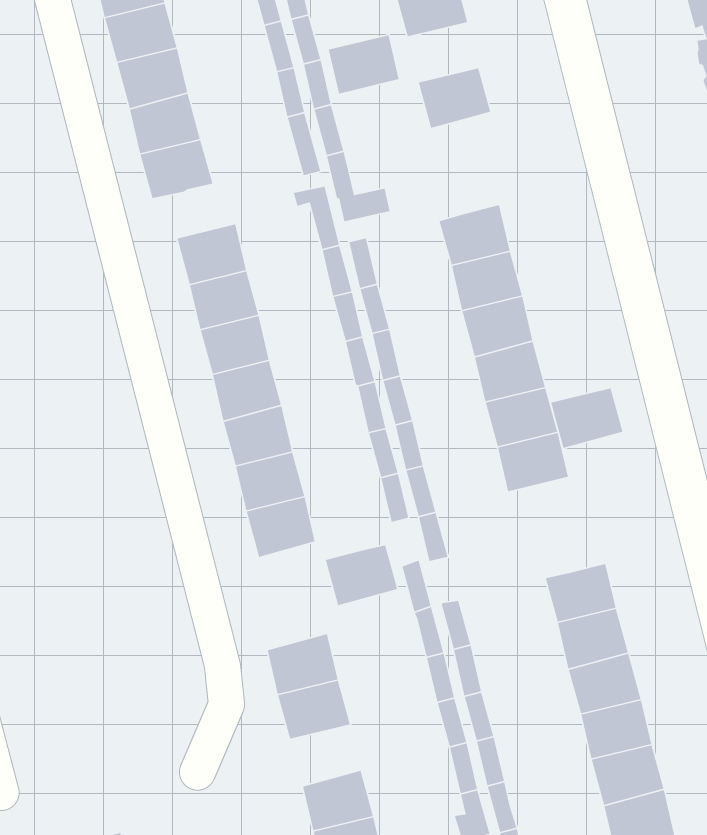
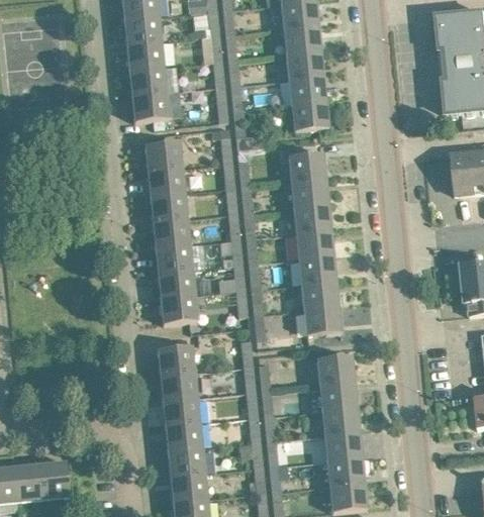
building: [328,34,400,94] -> [287,50,323,79]
building: none -> [292,101,328,130]
building: [550,387,624,449] -> [304,305,342,334]
building: [325,545,398,606] -> [158,344,195,374]
building: none -> [166,421,202,450]

